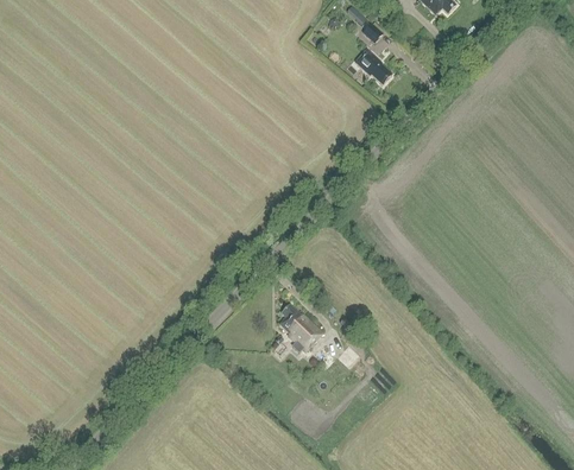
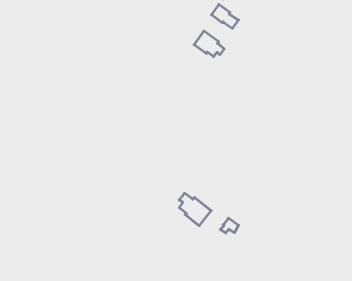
building: none -> [194,31,224,57]

